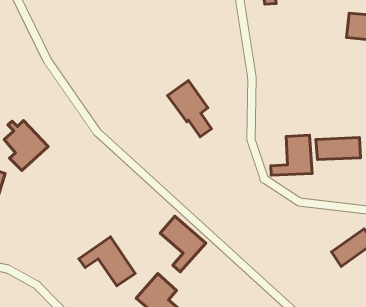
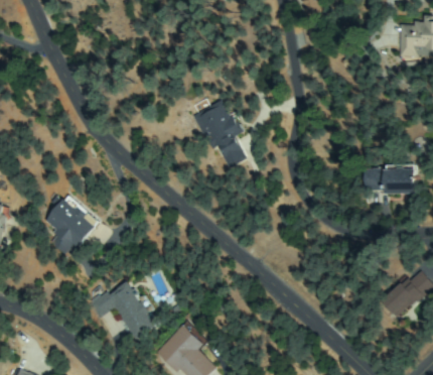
building: [4,120,48,170] -> [46,197,97,254]
building: [271,135,312,175] -> none
building: [160,216,206,272] -> none

